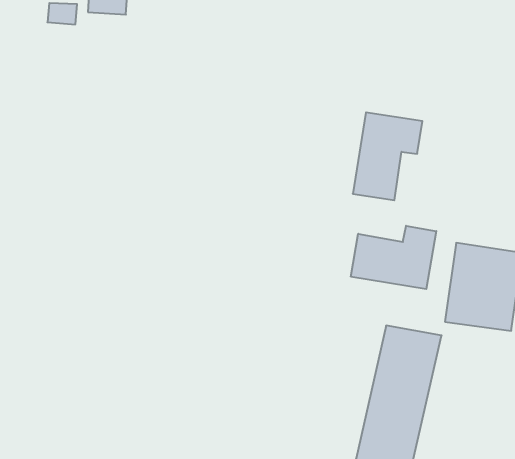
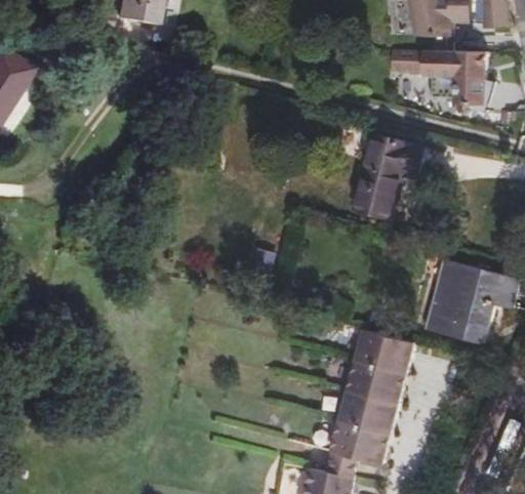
building: none -> [386,43,487,106]
building: [351,226,436,289] -> none

